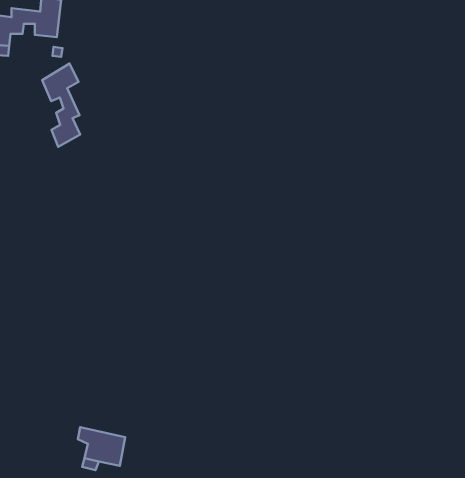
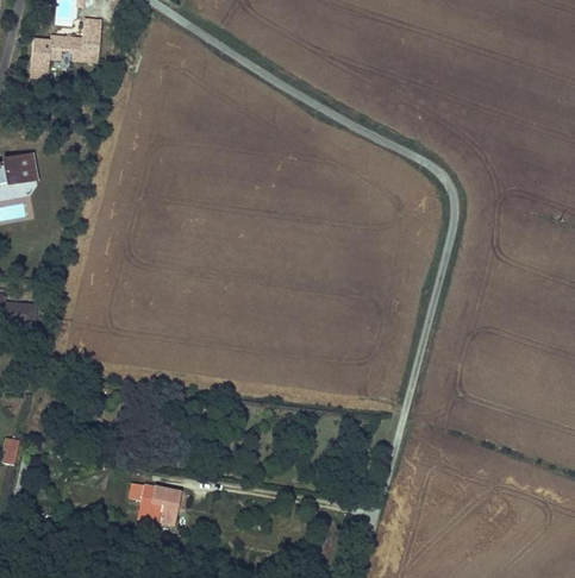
building: [42,63,80,147] -> none

